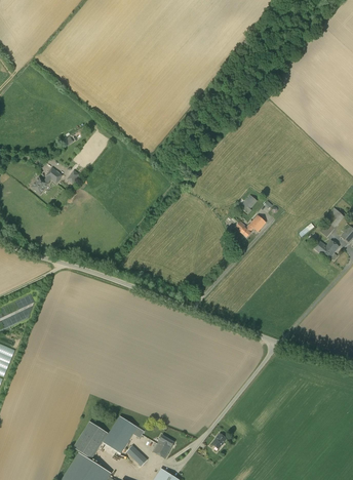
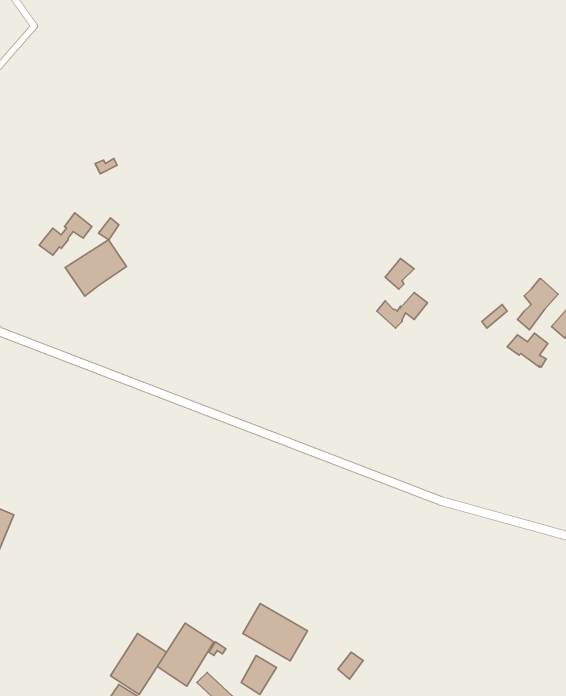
building: none -> [65,240,126,296]
building: none -> [243,603,307,661]

